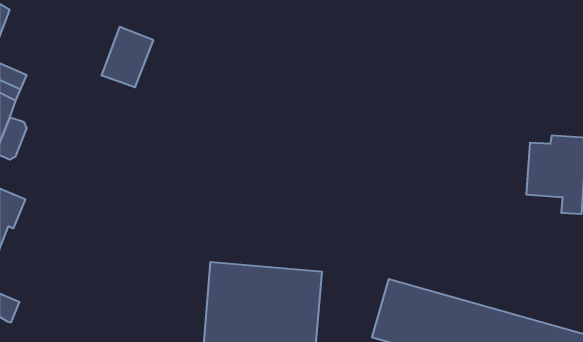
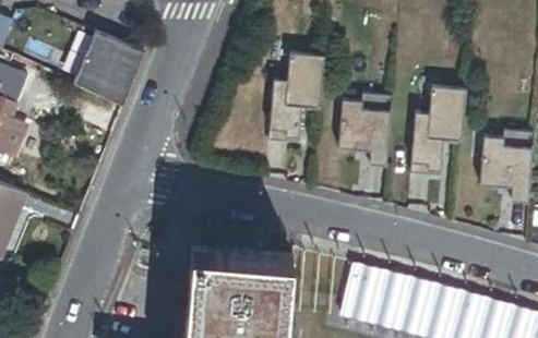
building: none -> [271,53,324,143]
building: none -> [411,86,466,177]
building: none -> [336,95,392,166]

